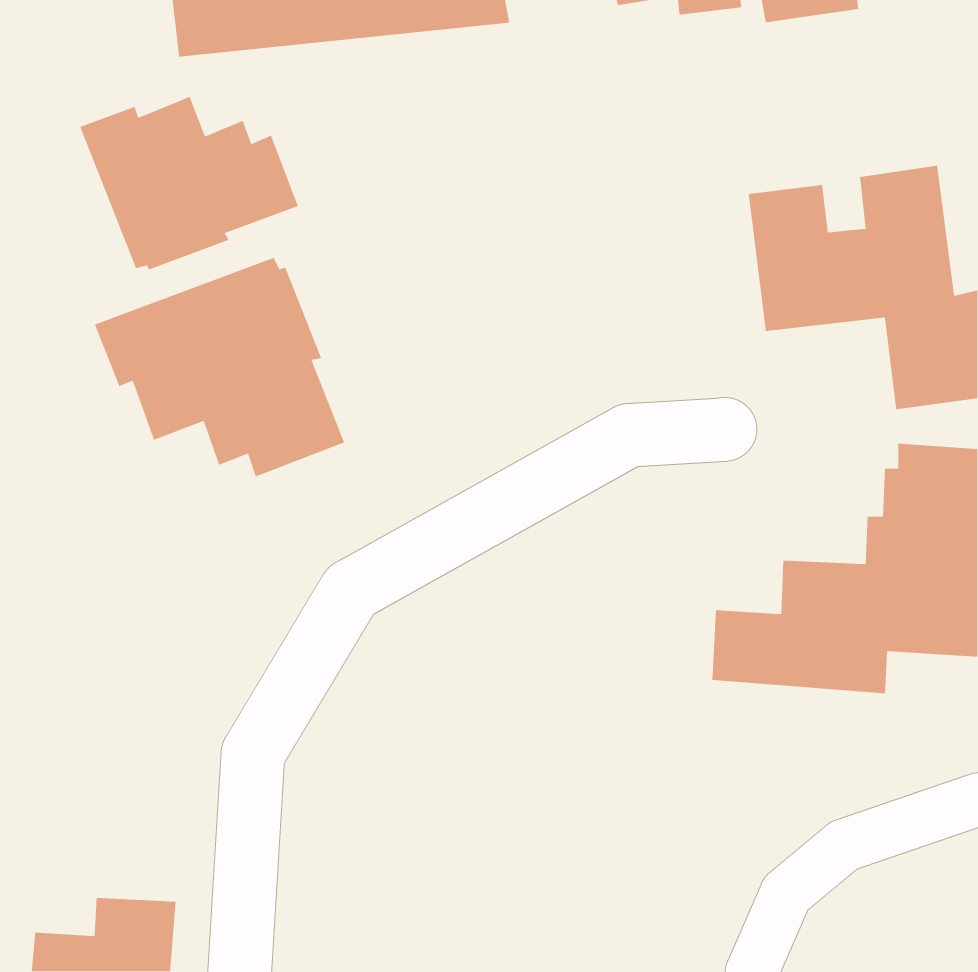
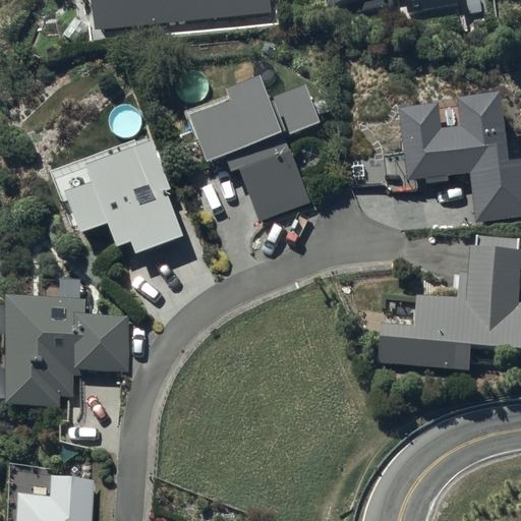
building: [79,96,299,271] -> none
building: none -> [183,79,328,222]
building: none -> [9,297,127,406]

